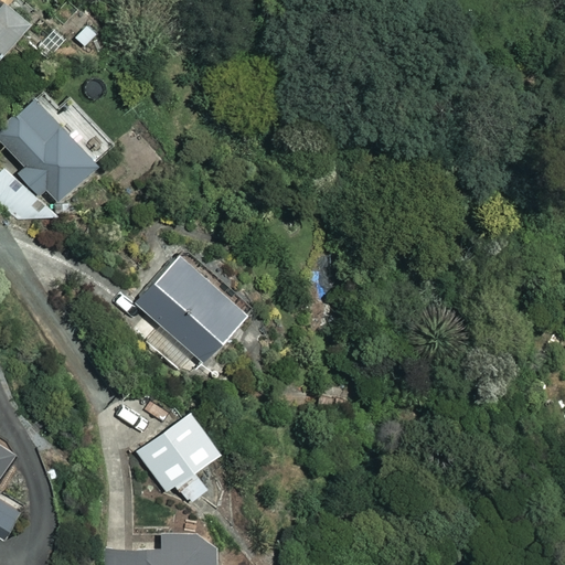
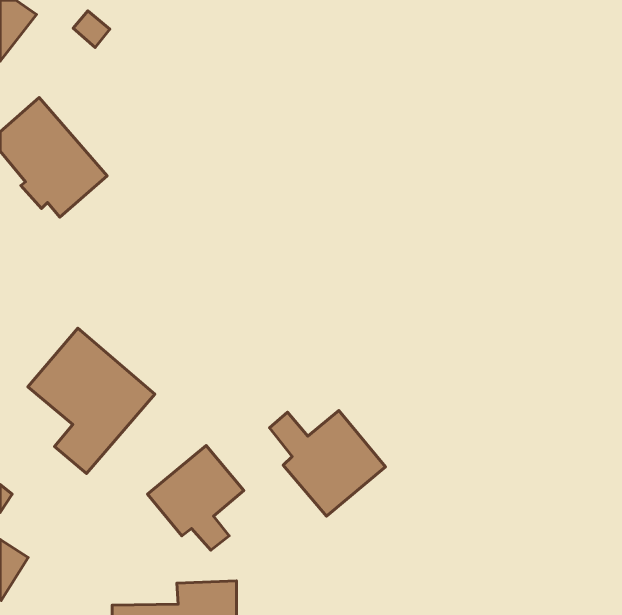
building: [132,252,247,383] -> [28,328,155,473]
building: none -> [270,411,386,516]

